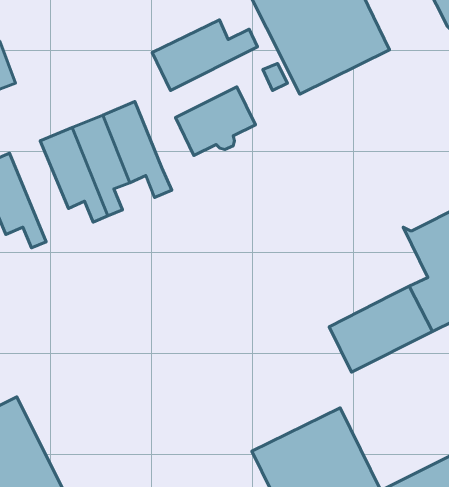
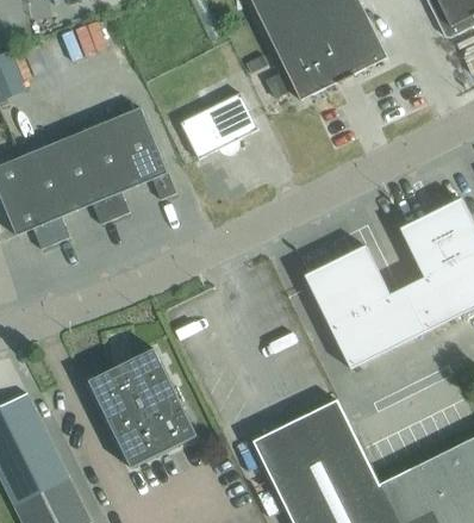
building: [152,20,258,91] -> none
building: none -> [19,144,76,242]
building: none -> [304,244,389,324]
building: none -> [93,348,197,467]

